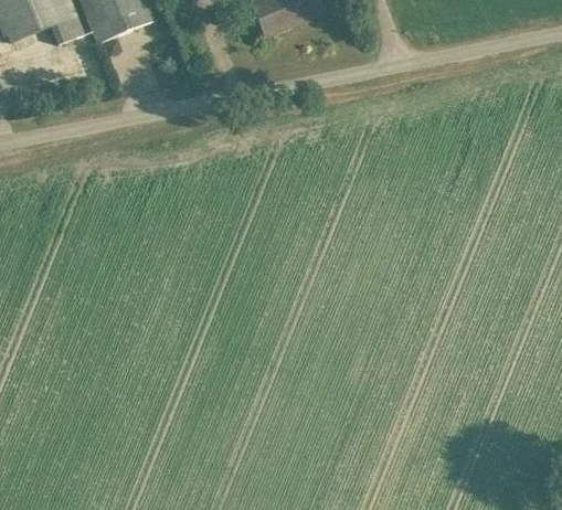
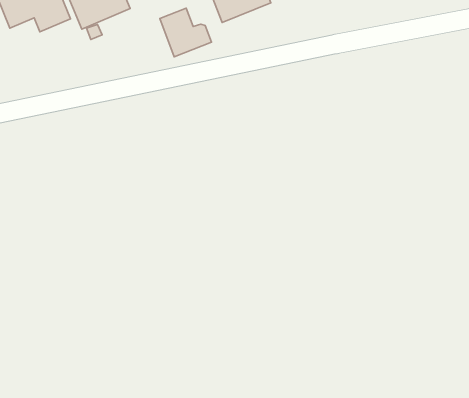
building: none -> [160,8,212,57]

